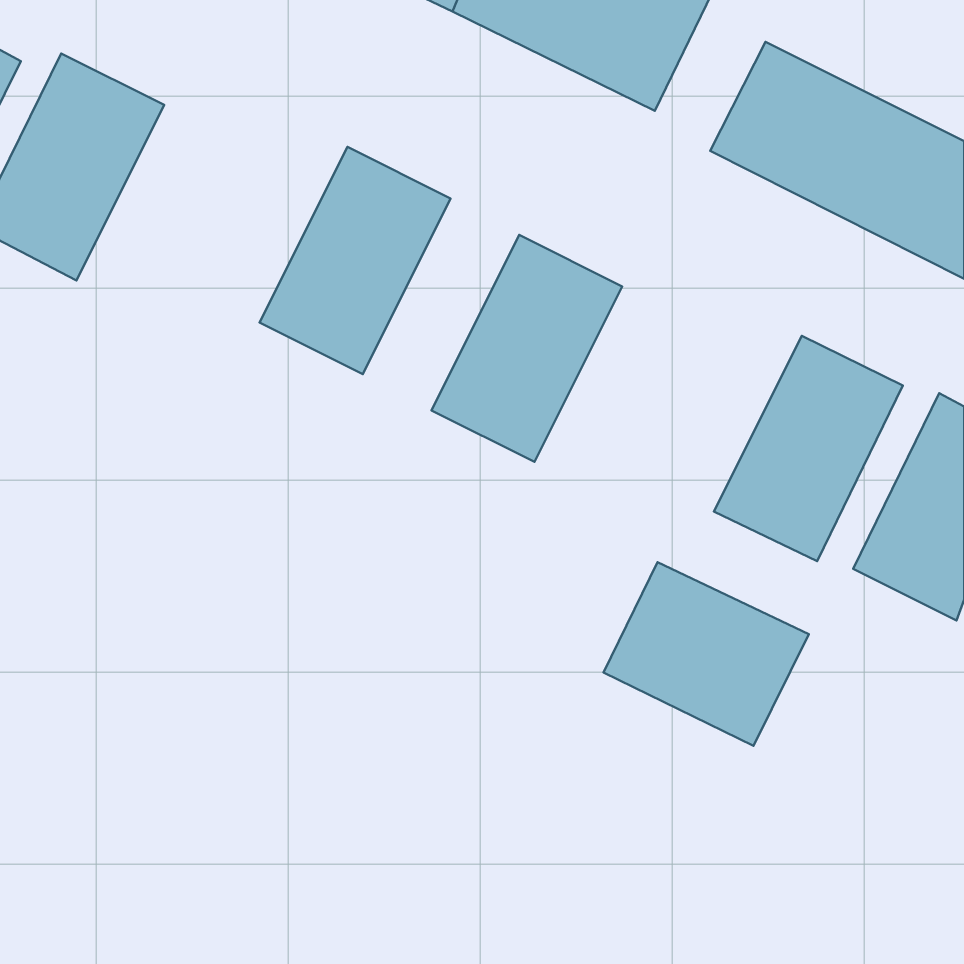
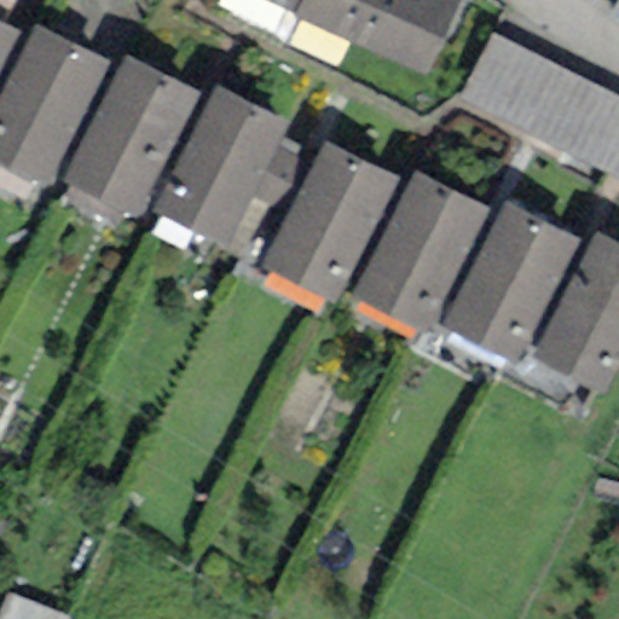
building: none -> [76,64,196,207]
building: none -> [366,183,487,325]
building: [604,562,809,746] -> none

